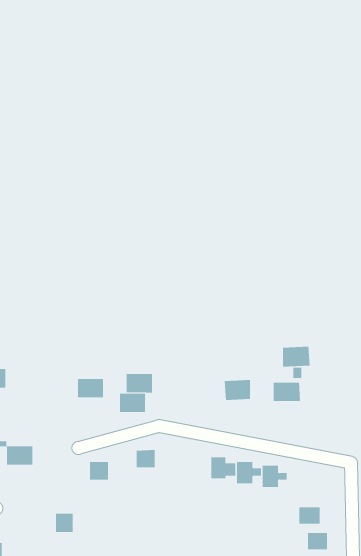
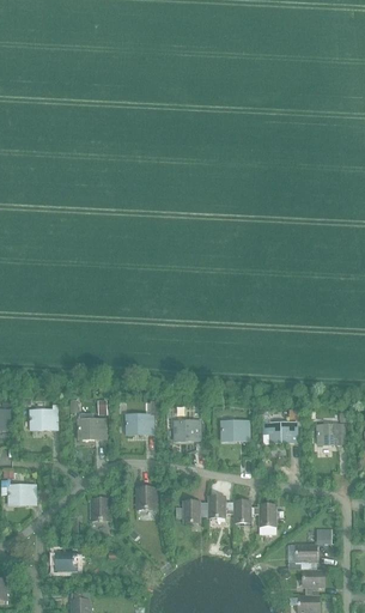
building: [282,346,310,367] -> [317,424,345,444]
building: none -> [30,409,56,429]
building: [119,393,146,413] -> [174,420,200,439]
building: none -> [175,500,208,522]

